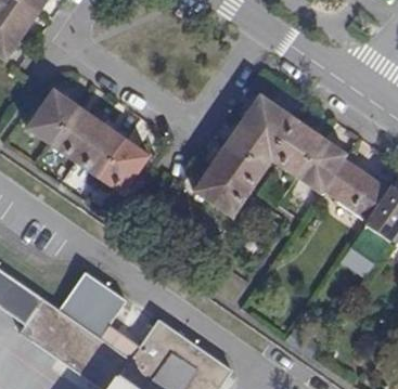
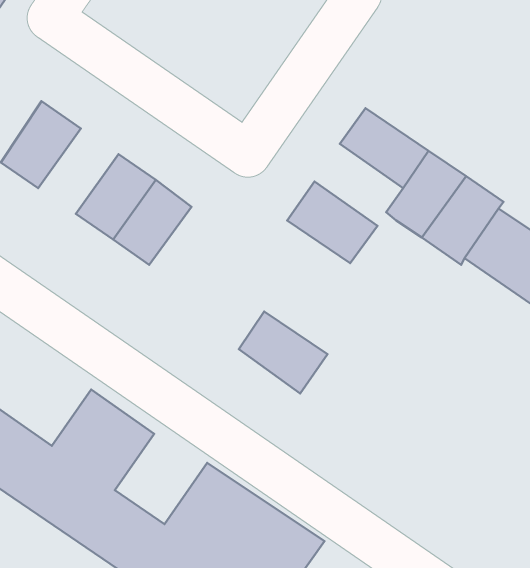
building: [51,107,102,161] -> none
building: [227,117,283,169] -> none
building: [193,166,249,218] -> [239,312,327,393]

